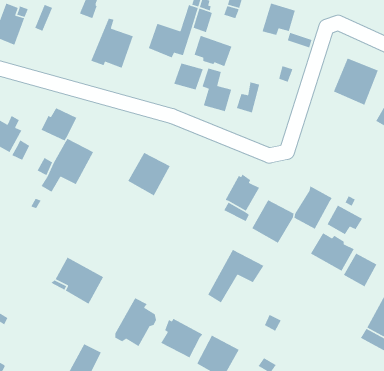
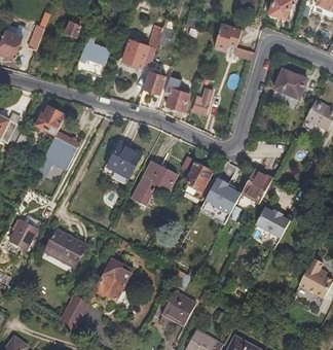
building: [193,35,232,67] -> none
building: [327,205,363,235] -> none
building: none -> [9,219,37,249]
building: [207,249,265,304] -> [132,162,178,206]
building: [343,253,378,287] -> none
building: [160,318,204,359] -> none

